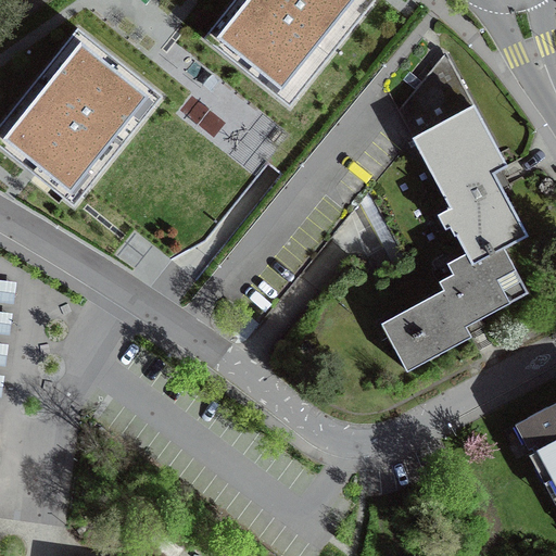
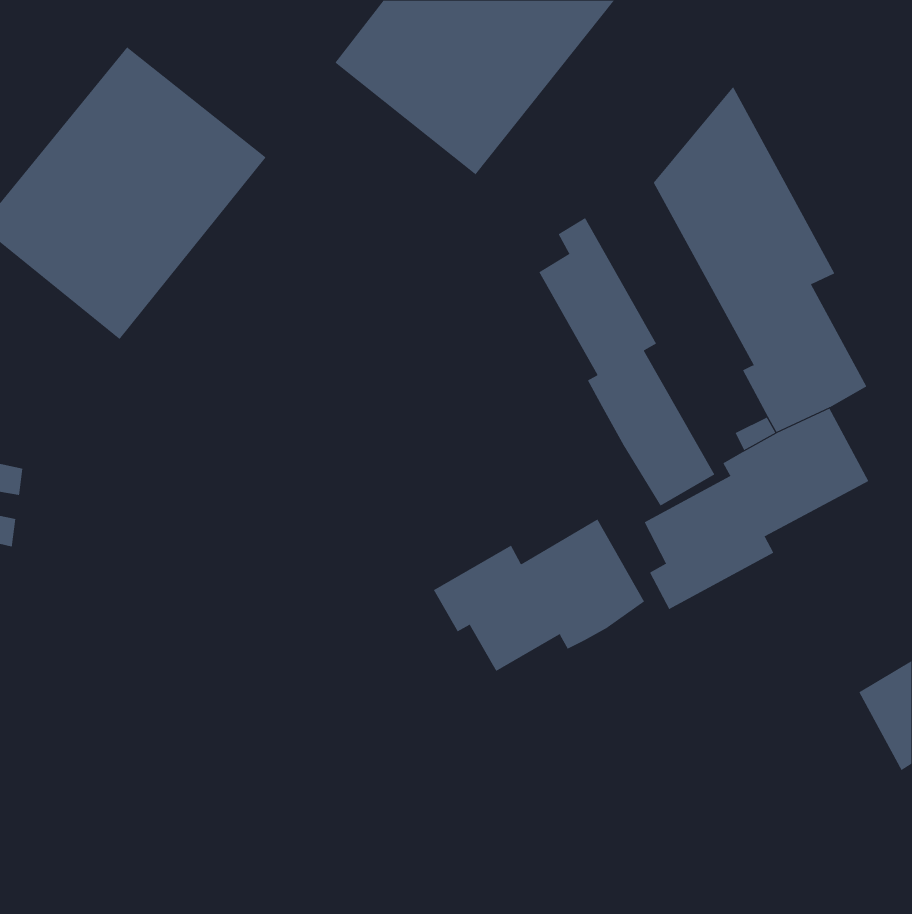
building: none -> [539,217,715,507]
building: none -> [433,519,645,672]

